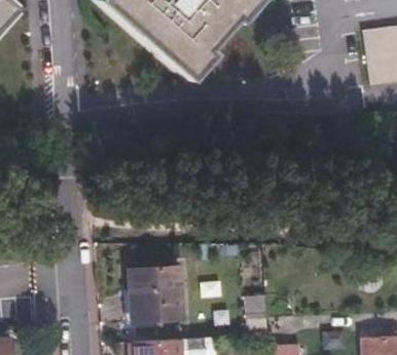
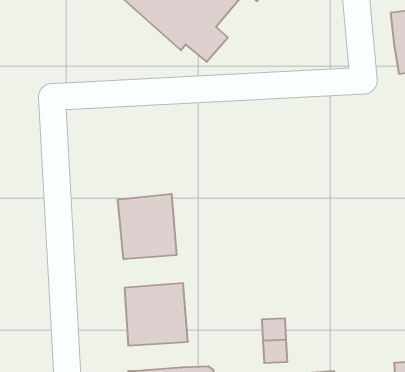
building: none -> [118,194,176,259]

